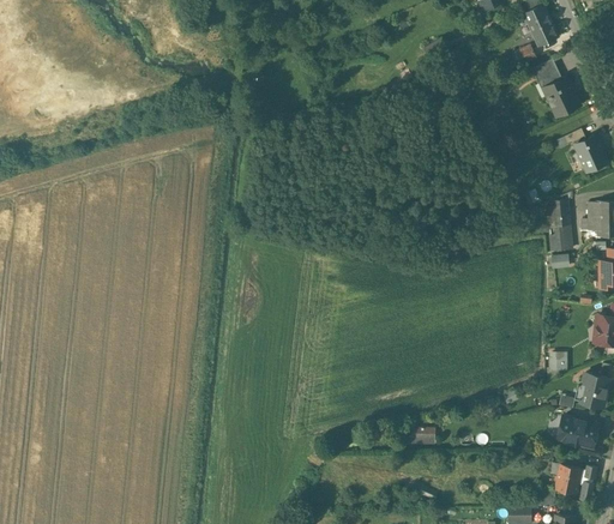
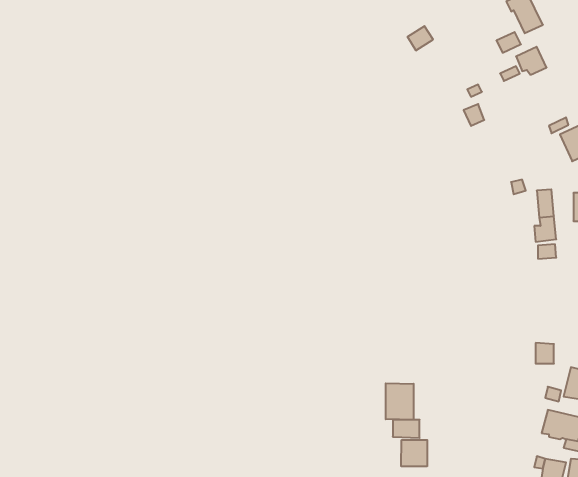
building: [546,77,579,116] -> none
building: none -> [386,383,414,420]
building: none -> [401,440,427,466]

